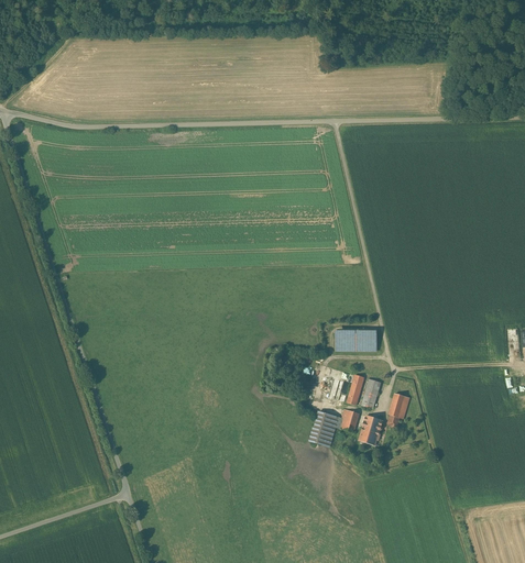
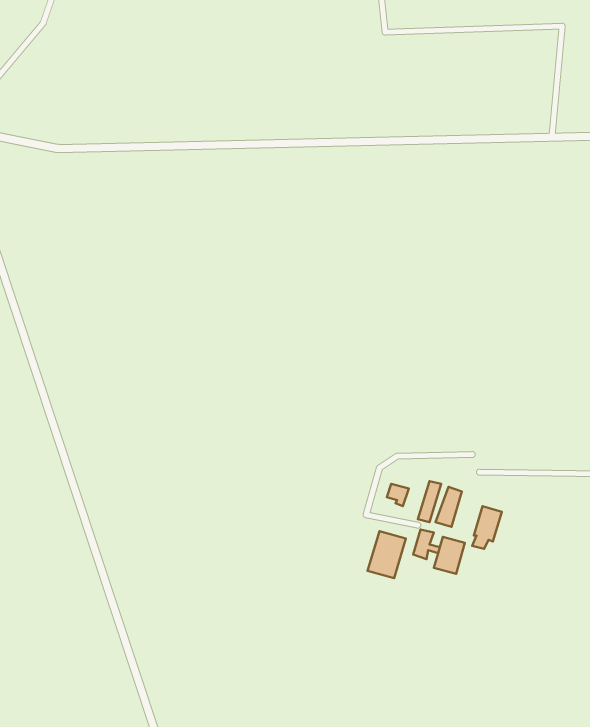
building: [336,331,375,351] -> none

